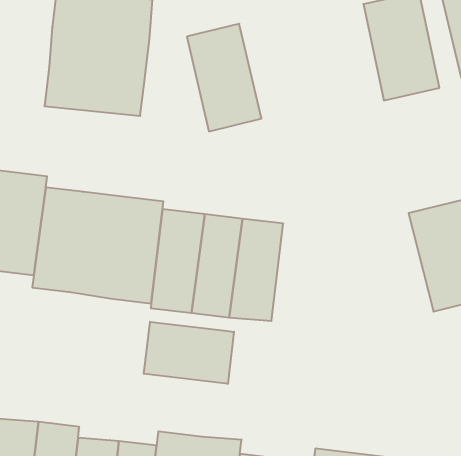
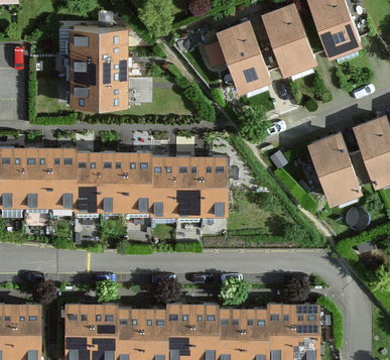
building: [187,24,261,131] -> [216,21,269,92]
building: [144,322,234,384] -> none

